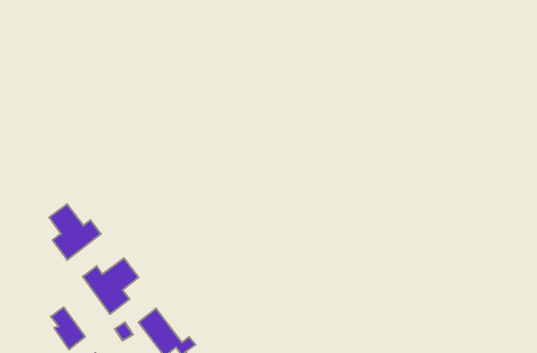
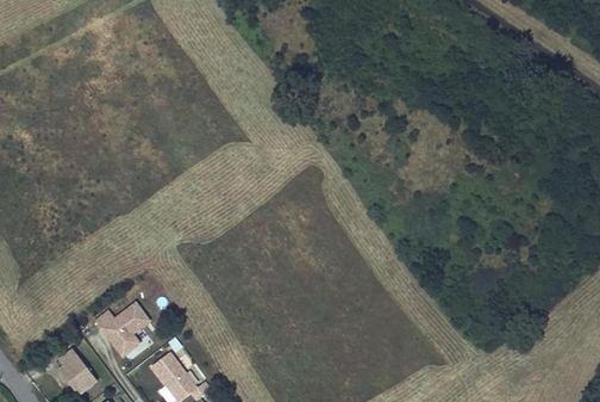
building: [49,204,101,260] -> none

